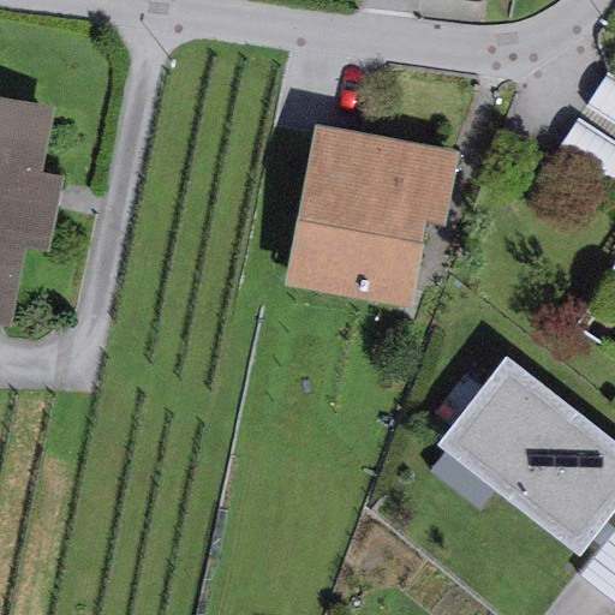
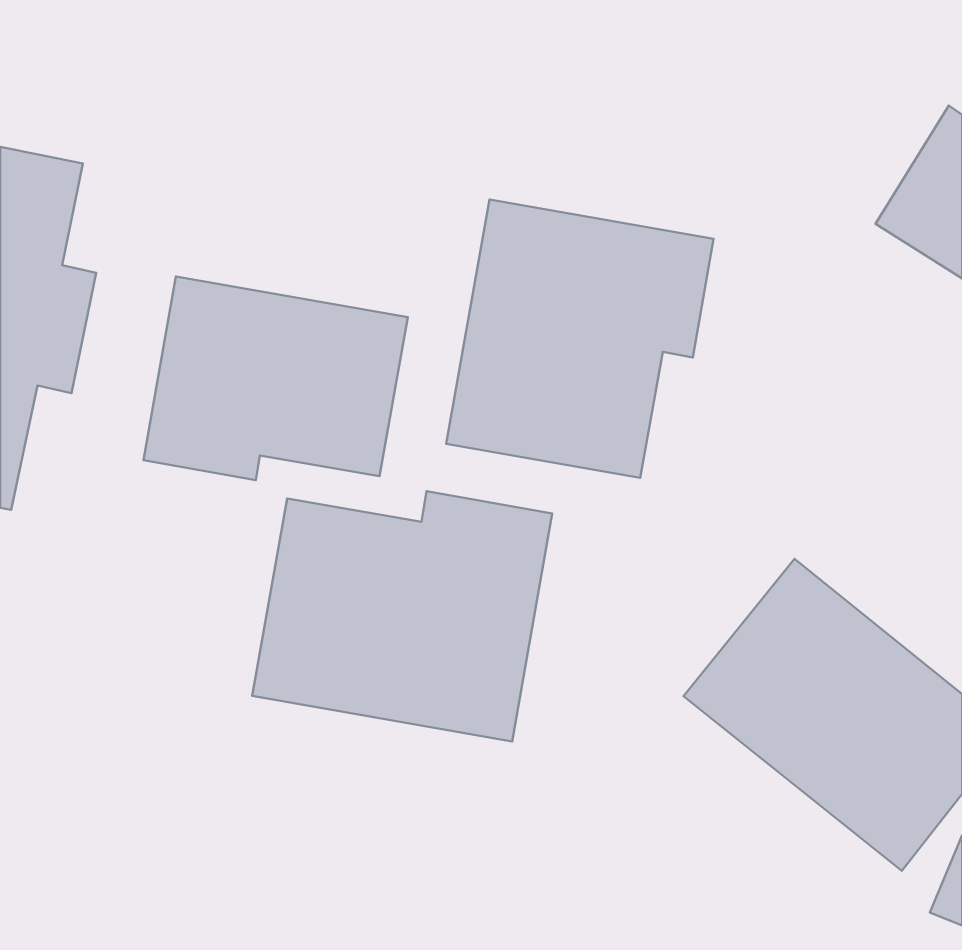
building: none -> [143,276,408,480]
building: none -> [252,491,552,742]

